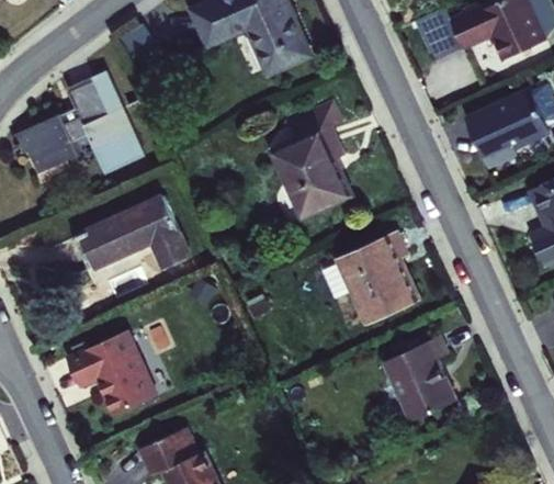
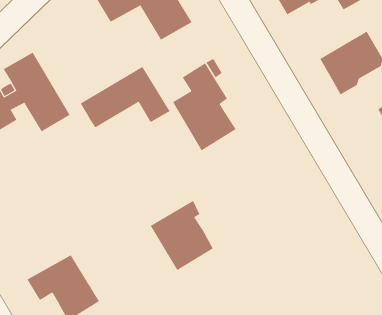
building: [78,196,191,269] -> [80,66,171,128]
building: [340,233,417,319] -> [150,200,214,271]
building: [384,337,454,420] -> none

